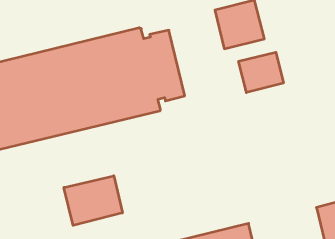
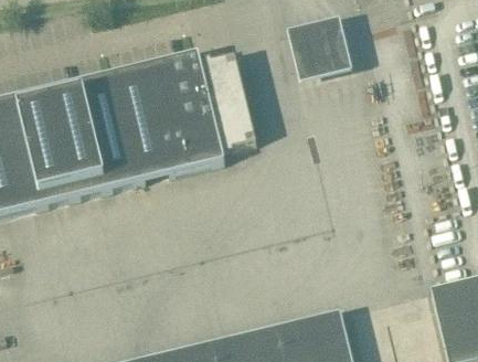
building: [239,52,283,93] -> none
building: [64,176,122,225] -> none

